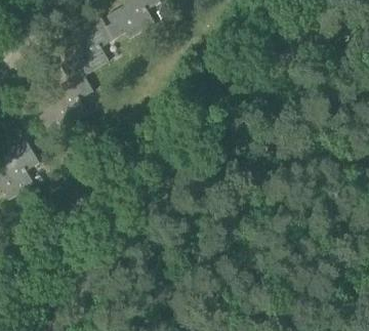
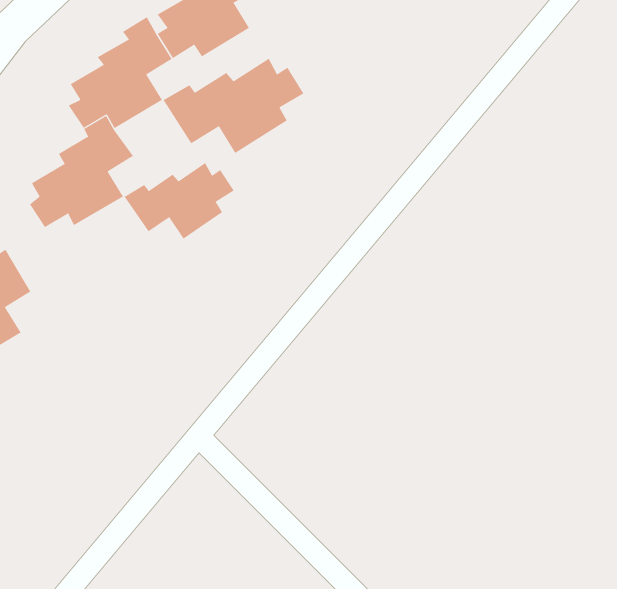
building: none -> [163,58,304,154]
building: none -> [124,162,234,240]

